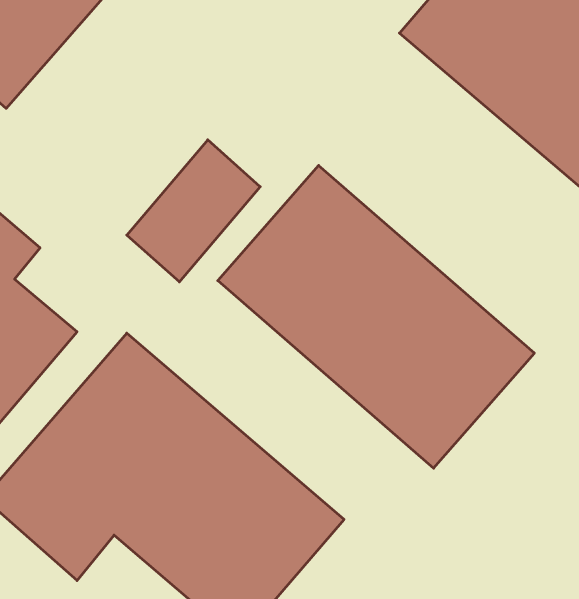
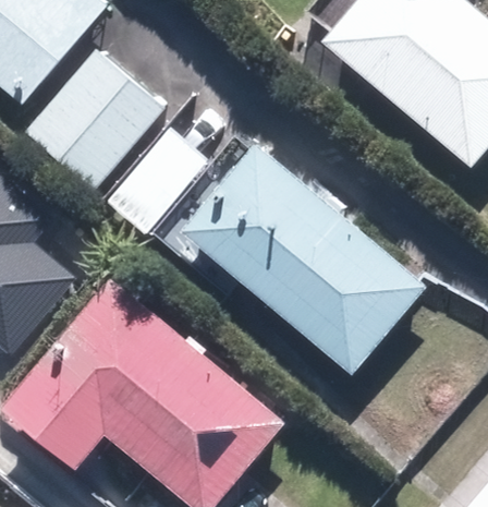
building: none -> [28,51,164,192]

